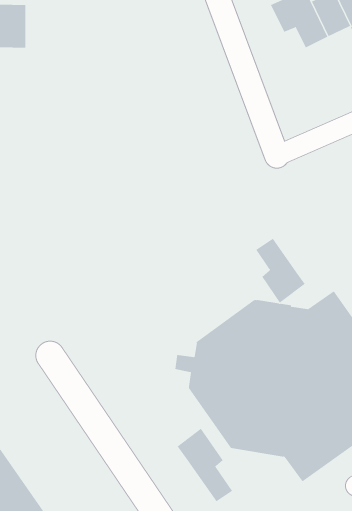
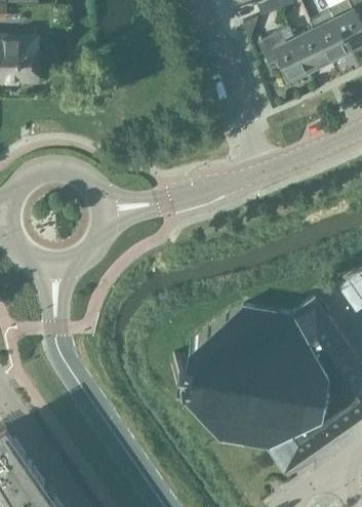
building: [255,238,306,303] -> none
building: [177,428,233,502] -> none

